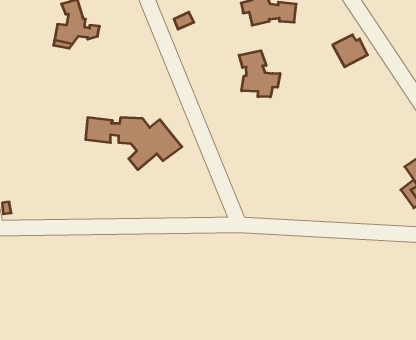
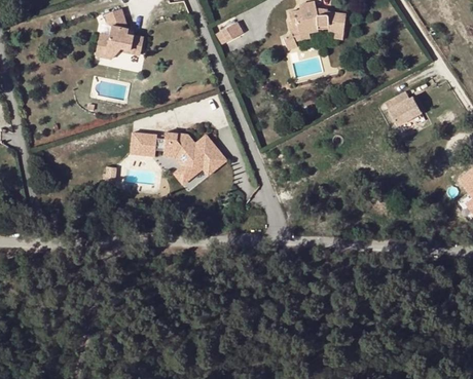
building: [333,35,368,67] -> [385,92,421,125]
building: [239,51,280,97] -> none

